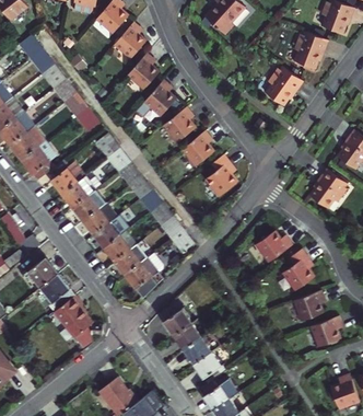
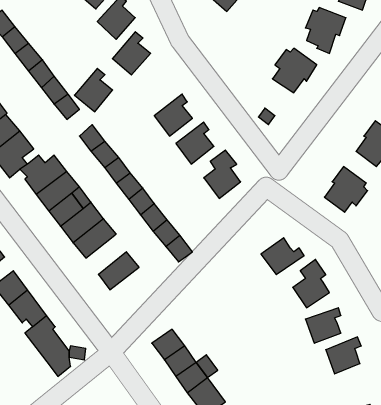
building: [142,79,175,116] -> [74,68,113,112]
building: [103,228,138,262] -> none
building: [124,253,161,297] -> none

